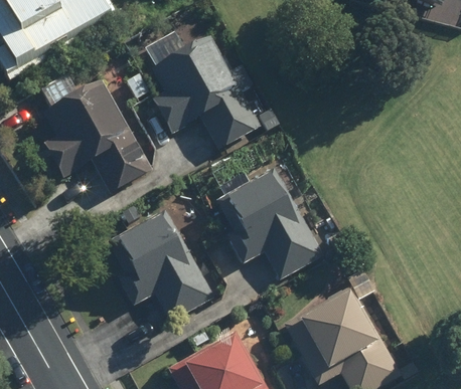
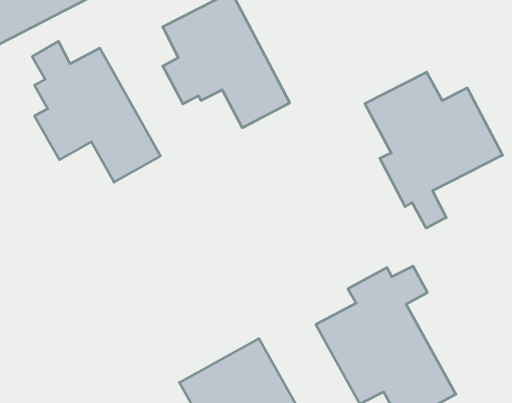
building: none -> [365,72,503,228]
building: [222,167,323,278] -> none
building: [118,208,214,320] -> none

